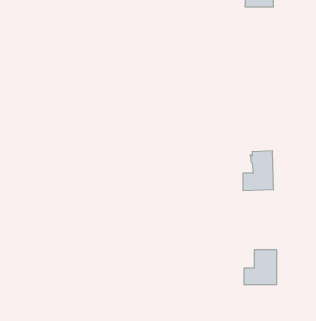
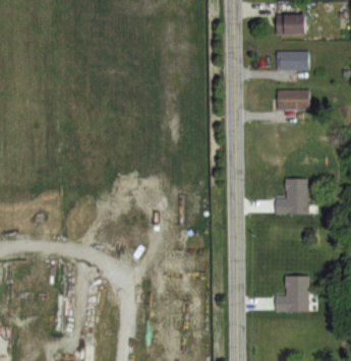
building: none -> [277,51,308,69]
building: none -> [278,91,308,108]

